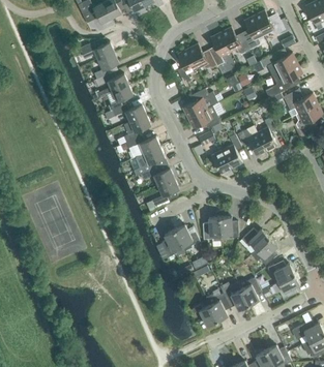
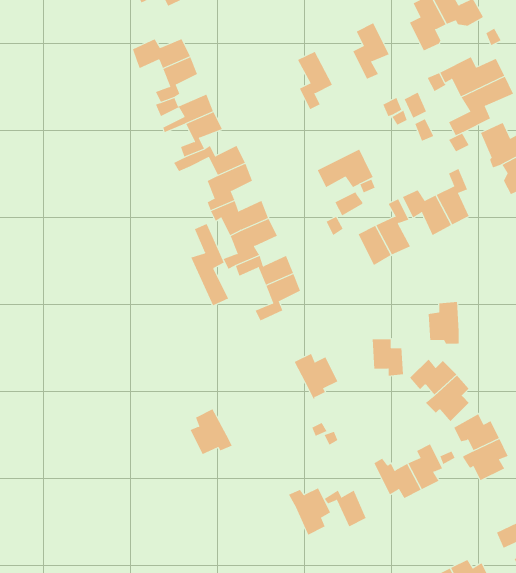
building: [220,27,249,54] -> none
building: [186,43,216,69] -> none
building: [182,88,217,118] -> none
building: none -> [190,223,229,306]
building: [202,216,220,241] -> [428,301,460,344]
building: [160,230,185,256] -> [190,408,232,455]
building: [205,293,230,320] -> [288,488,331,536]

